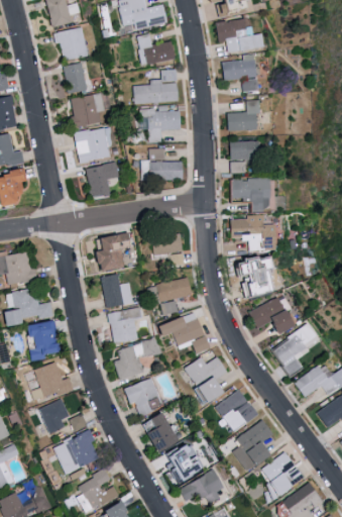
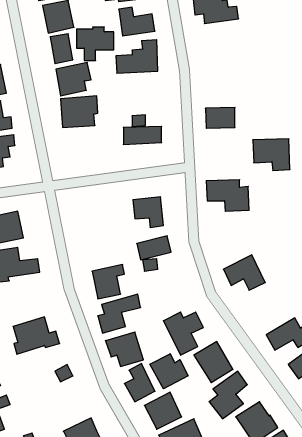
building: [222,55,257,91] -> none
building: [226,100,260,130] -> none
building: [141,106,181,141] -> [77,27,114,60]
building: [86,164,118,197] -> none
building: [230,178,269,211] -> [253,139,290,170]
building: [92,232,130,273] -> none
building: [234,260,275,292] -> none
building: [100,274,134,309] -> none
building: [155,312,209,354] -> none
building: [23,320,60,361] -> none
building: [270,324,316,378] -> none
building: [39,401,69,433] -> none
building: none -> [150,354,188,389]
building: [52,431,102,475] -> none

